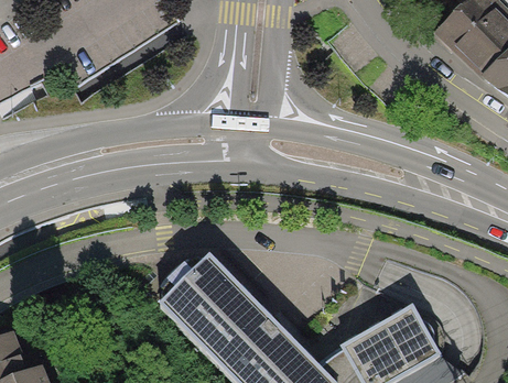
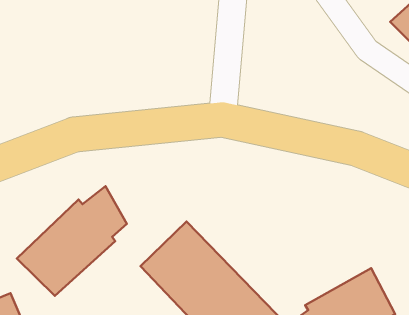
building: none -> [17,186,127,296]

